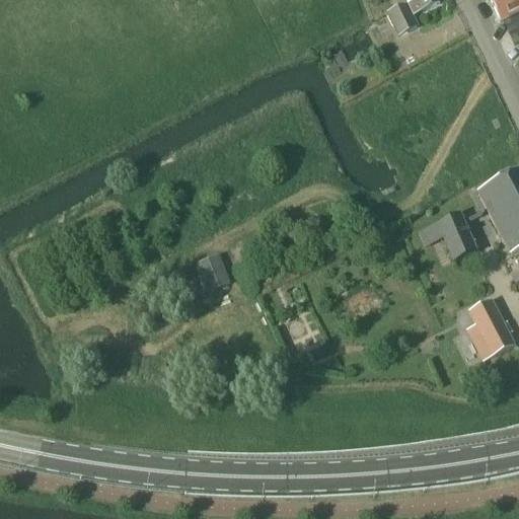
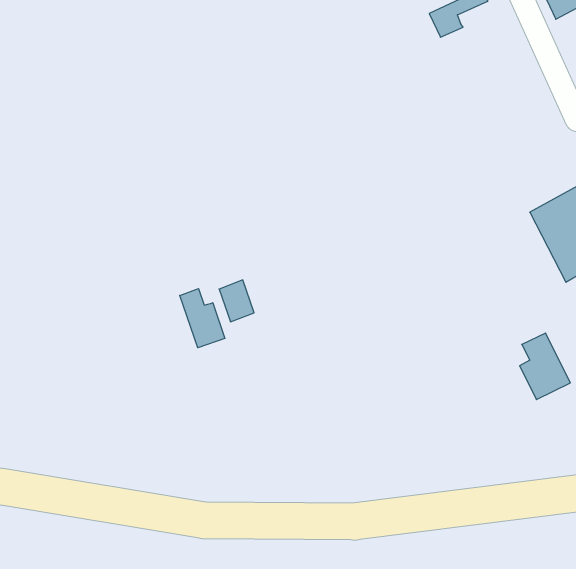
building: [418,210,477,262] -> none
building: none -> [180,289,225,348]

